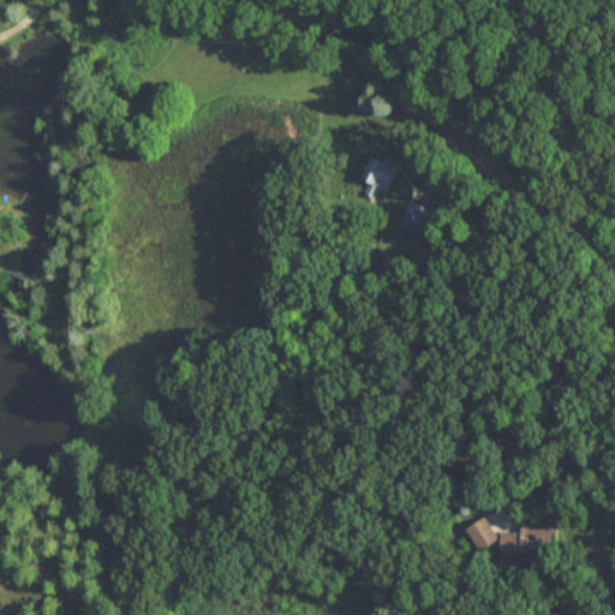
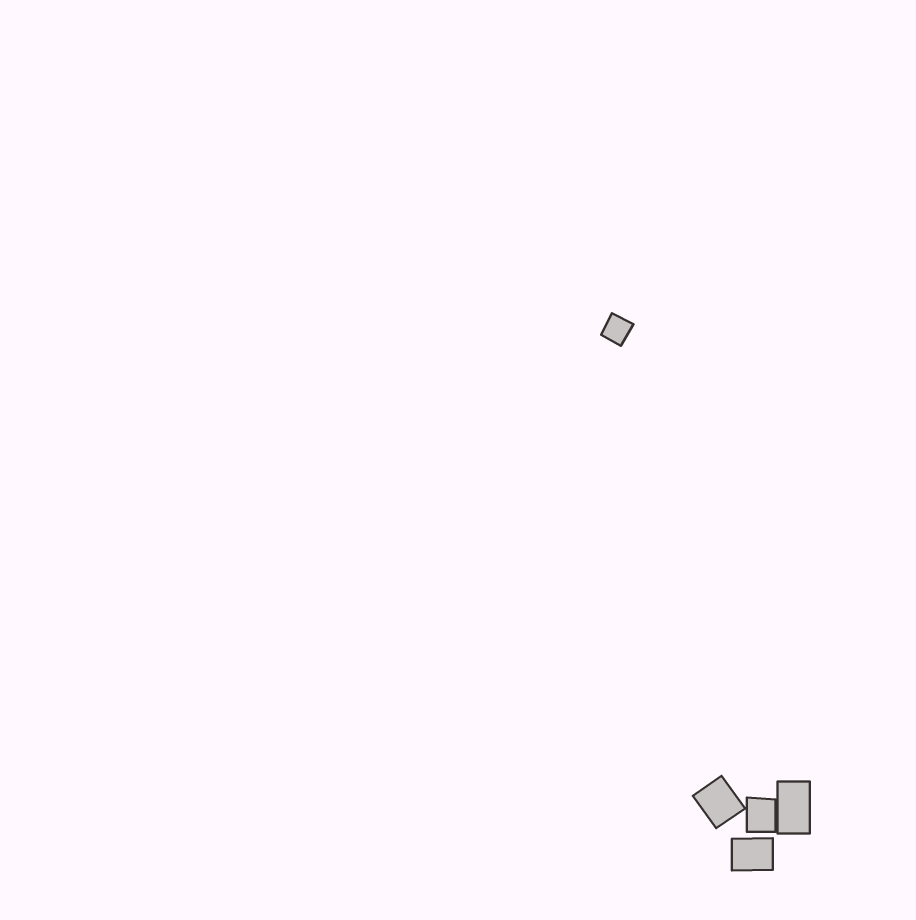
building: [364,155,399,191] -> none
building: none -> [732,838,773,870]

